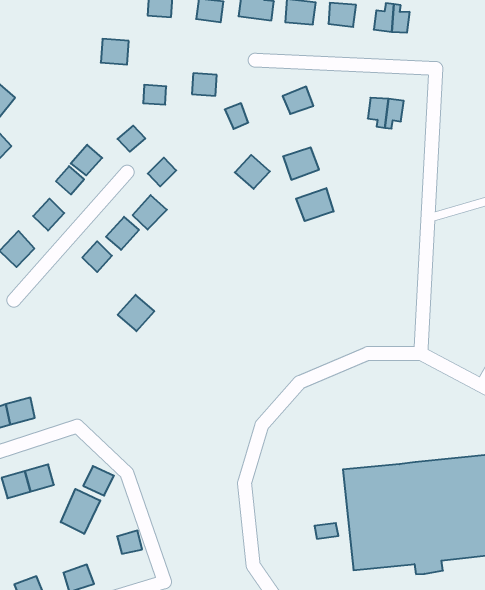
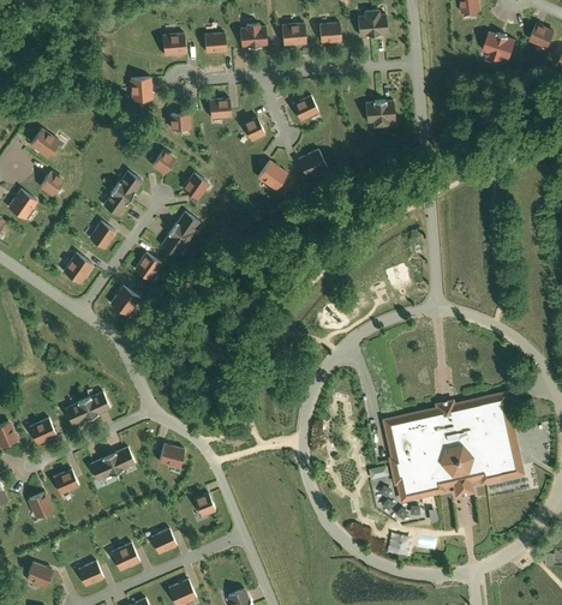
building: [296,188,334,221] -> none
building: [118,295,154,331] -> [108,286,139,317]
building: [61,489,100,534] -> none

